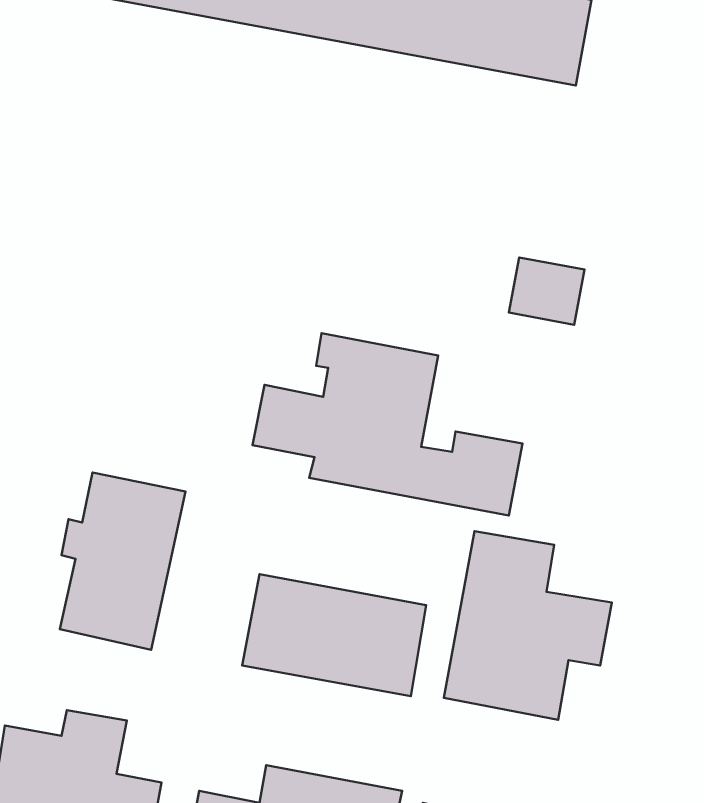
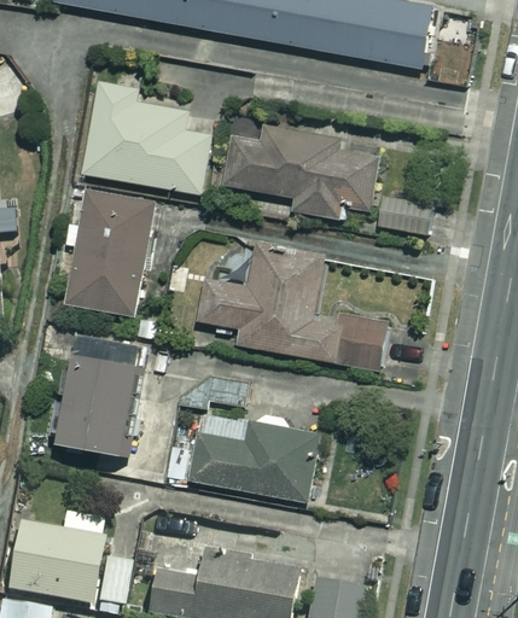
building: none -> [81,81,211,193]
building: none -> [222,121,379,220]
building: none -> [63,192,153,319]
building: [444,531,612,720] -> none

